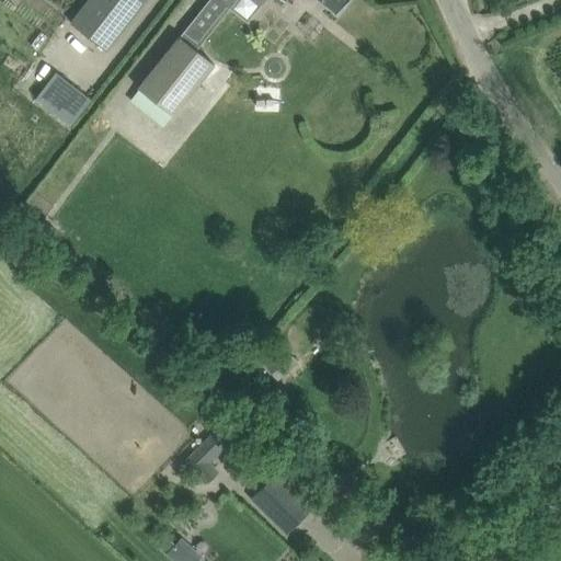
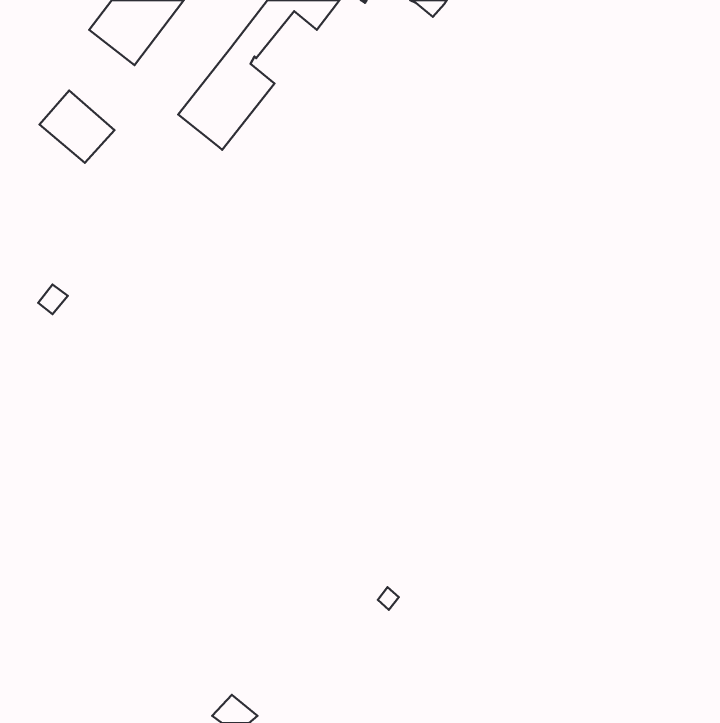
building: [186,428,228,469] -> none
building: [249,471,312,535] -> none

